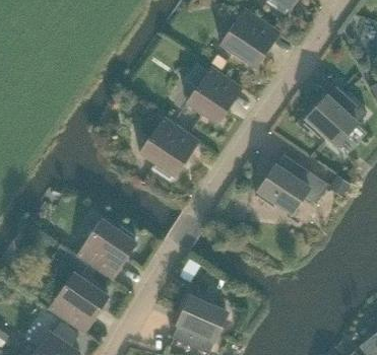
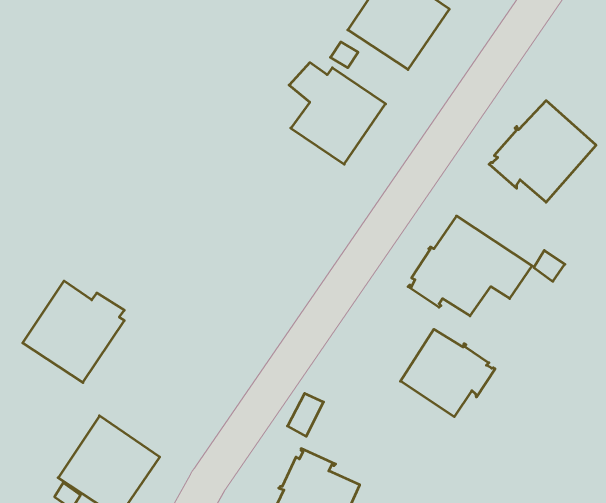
building: [139,114,199,179] -> none
building: [76,219,136,279] -> [23,281,124,383]
building: none -> [400,329,495,417]

